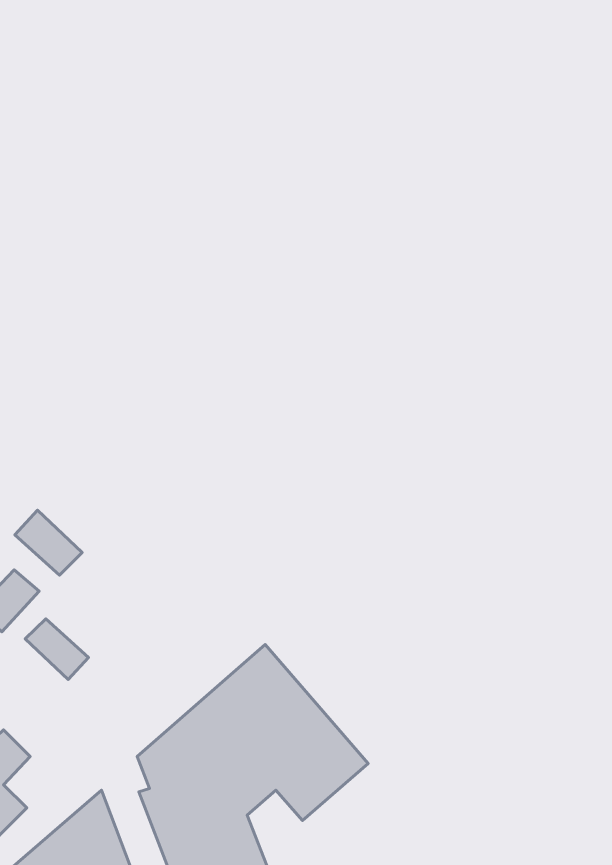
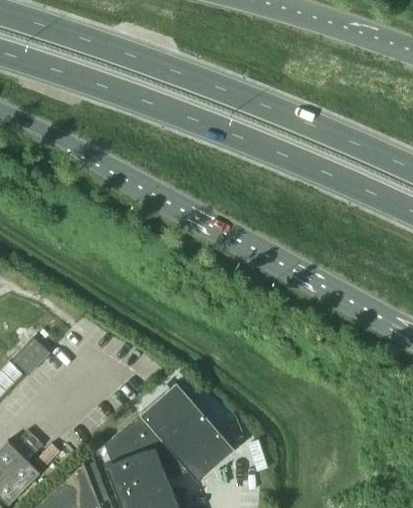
building: [15,510,82,575] -> none
building: [25,619,88,679] -> none

